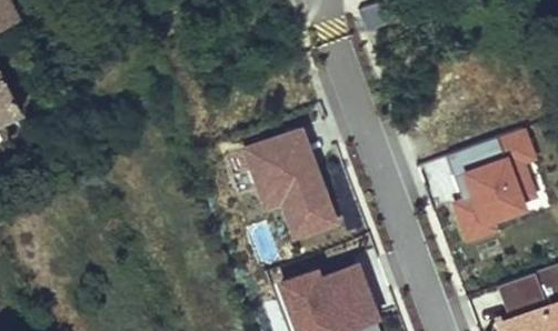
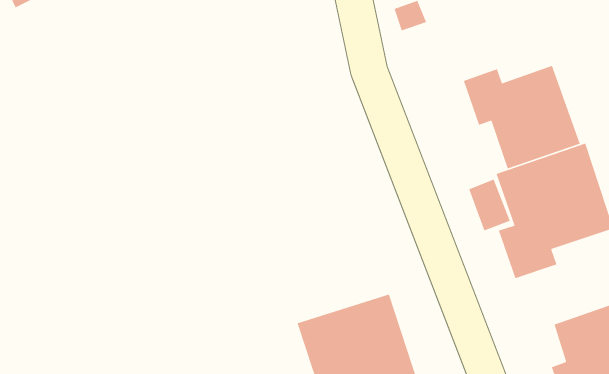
building: none -> [463,65,581,169]
building: [240,126,341,244] -> none

